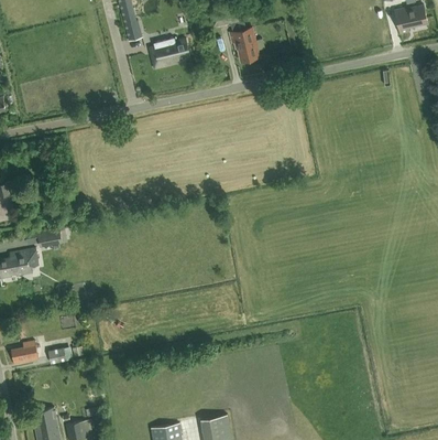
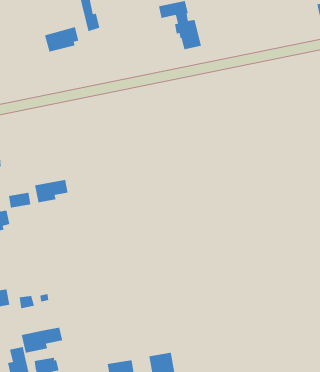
building: [150,37,190,67] -> [44,27,79,52]
building: none -> [35,179,68,203]
building: none -> [21,327,63,353]

